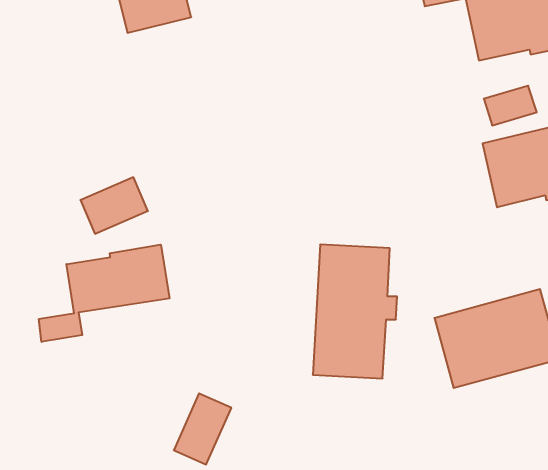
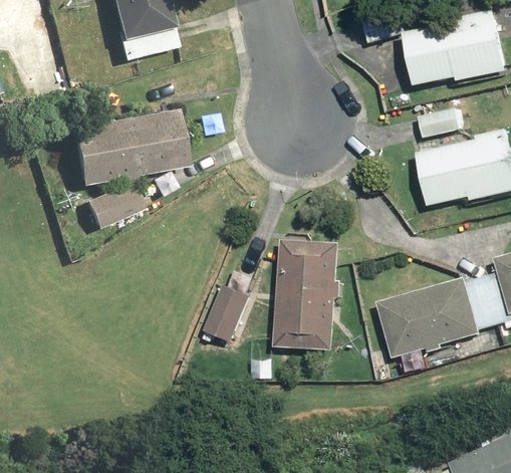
building: none -> [62,111,179,186]
building: [39,245,169,342] -> none
building: [174,393,231,464] -> [203,284,251,343]

